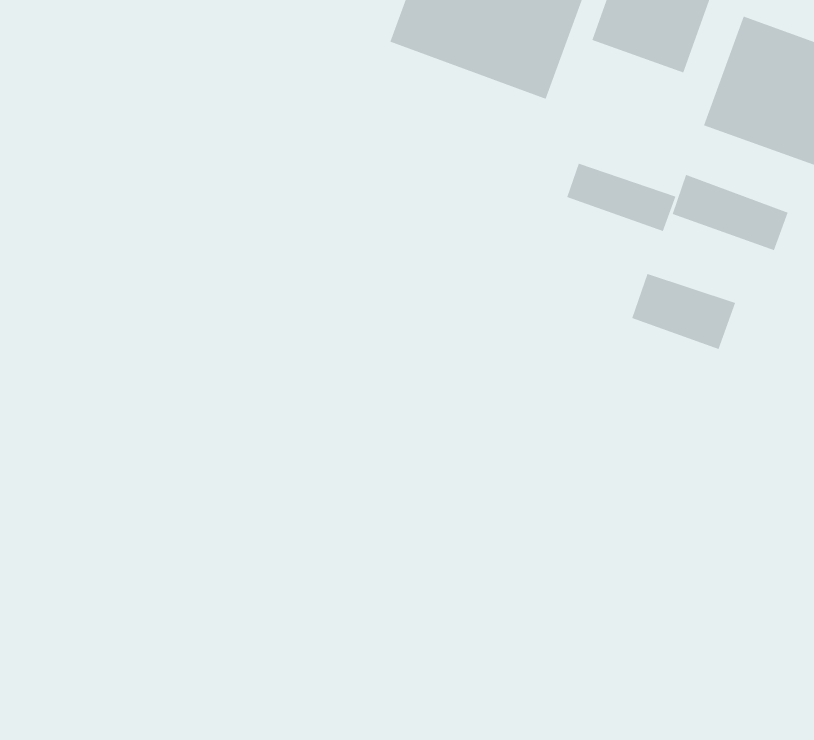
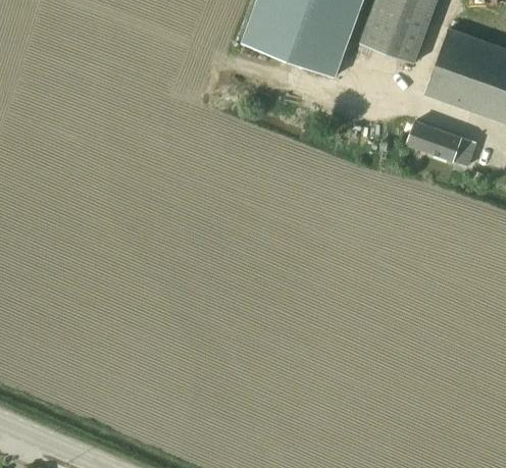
building: [567,163,676,232] -> none
building: [631,273,736,350] -> none

